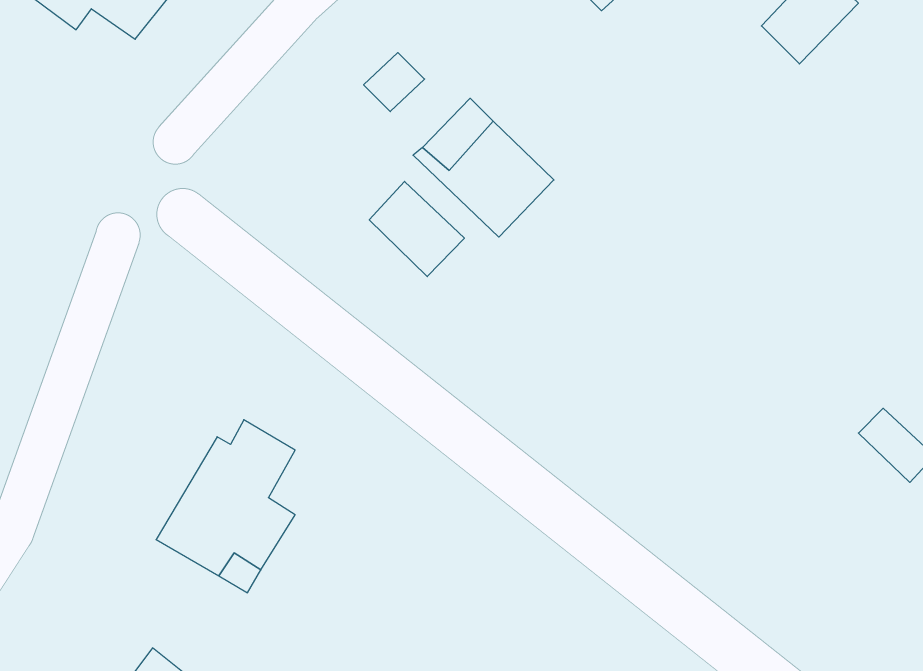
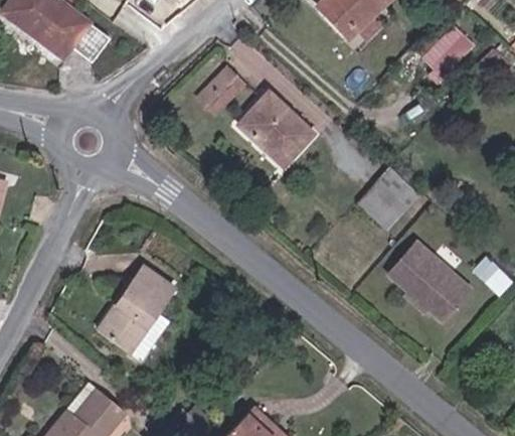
building: [369,181,464,277] -> none
building: none -> [360,169,420,229]
building: none -> [393,243,474,320]

